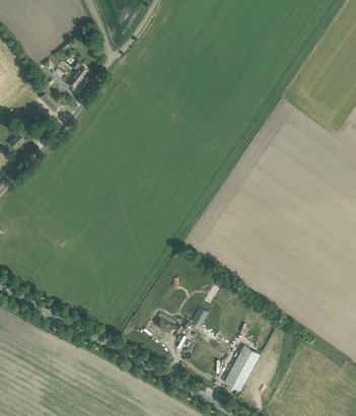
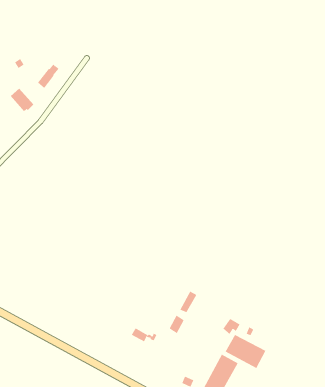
building: none -> [225,334,266,369]

